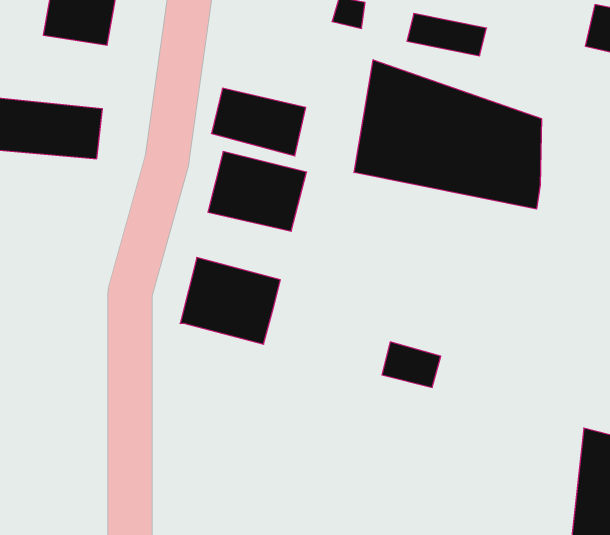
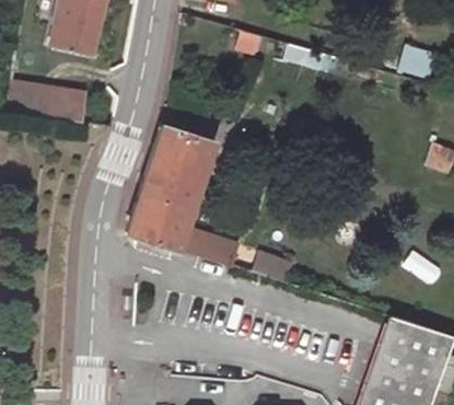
building: [354,60,541,209] -> none
building: [211,88,306,156] -> [142,161,203,207]
building: none -> [182,224,243,265]

